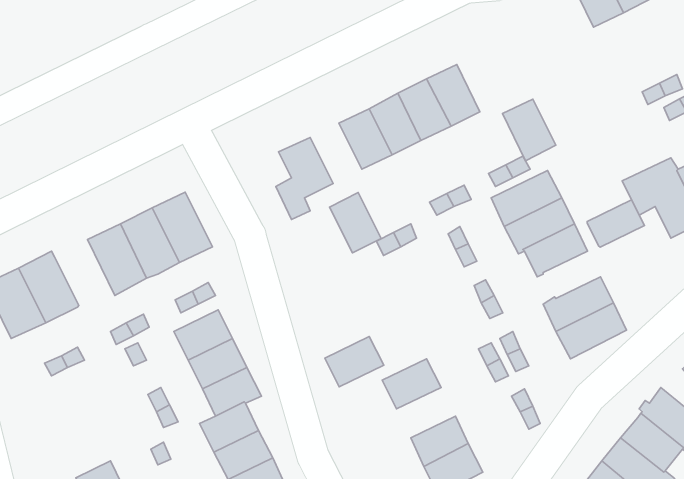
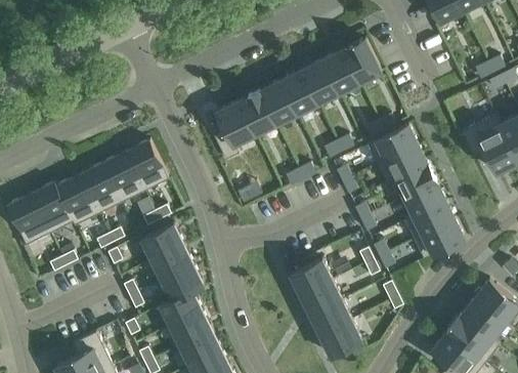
building: [503,99,556,161] -> [343,39,381,83]
building: [329,193,381,253] -> [239,91,275,134]
building: [587,200,645,247] -> [404,182,445,216]
building: none -> [56,174,99,226]
building: [325,337,384,387] -> [300,280,342,316]

